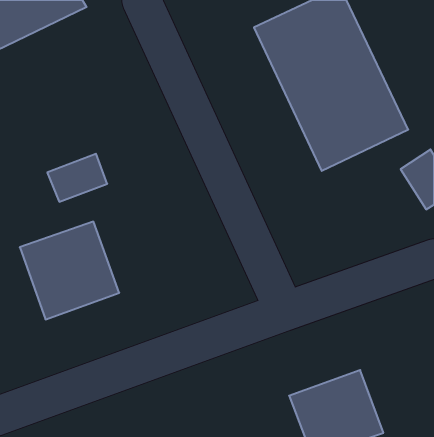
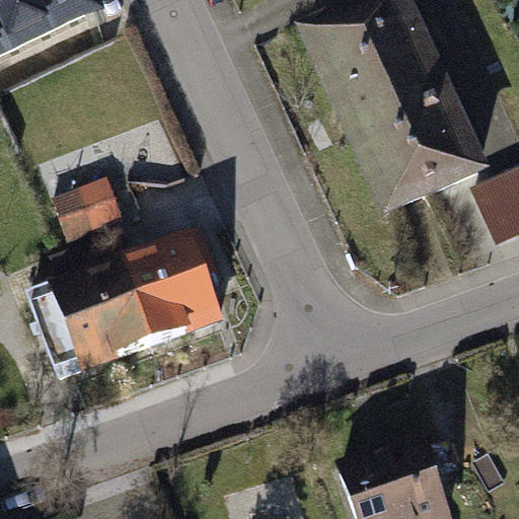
building: none -> [110,232,227,348]

